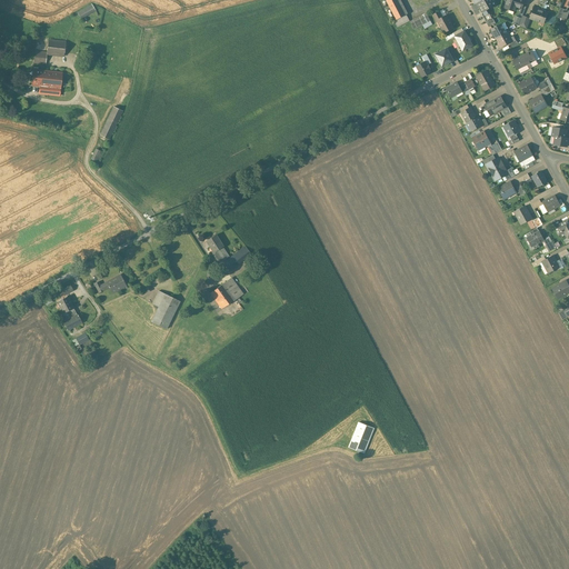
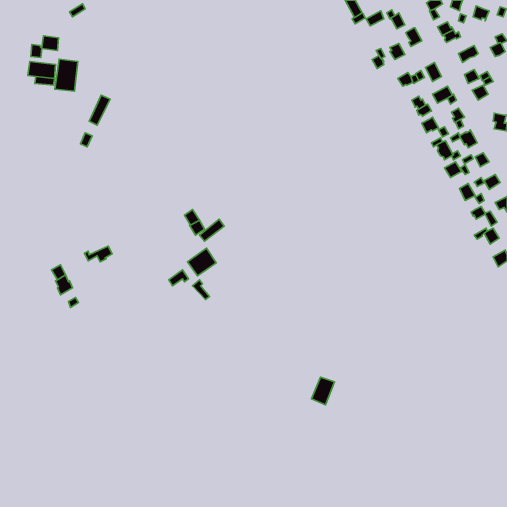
building: none -> [55,59,78,91]
building: [151,291,180,329] -> none

